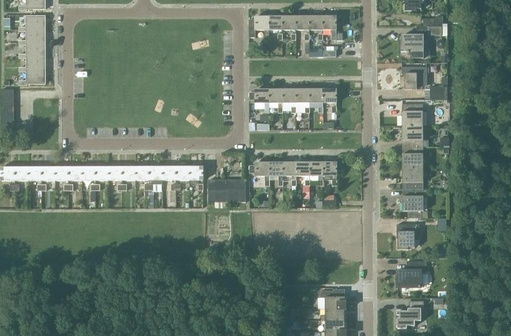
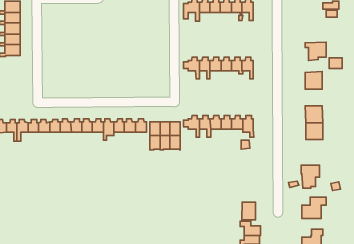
building: [401,36,423,58] -> none
building: [401,126,422,147] -> none
building: [402,189,423,218] -> none
building: none -> [242,202,256,220]

